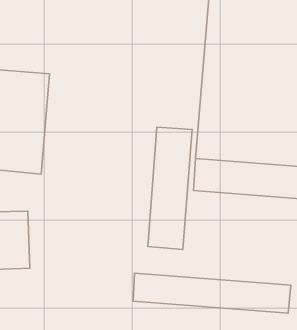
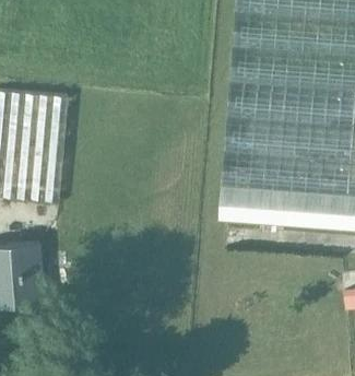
building: [148,127,192,249] -> none
building: [133,273,291,313] -> none

